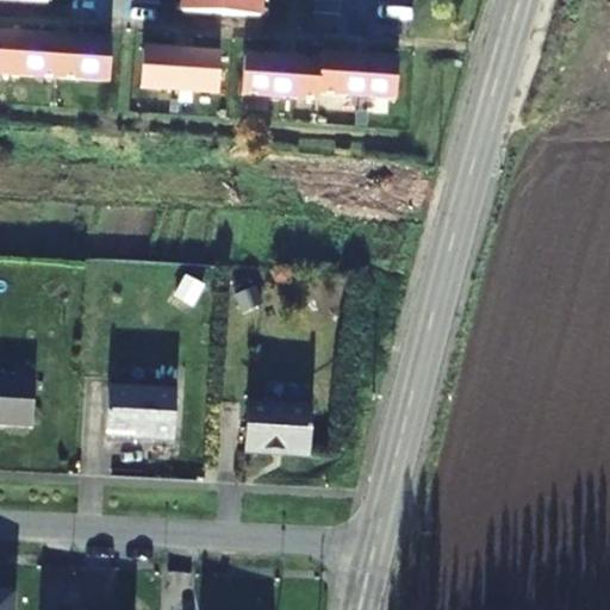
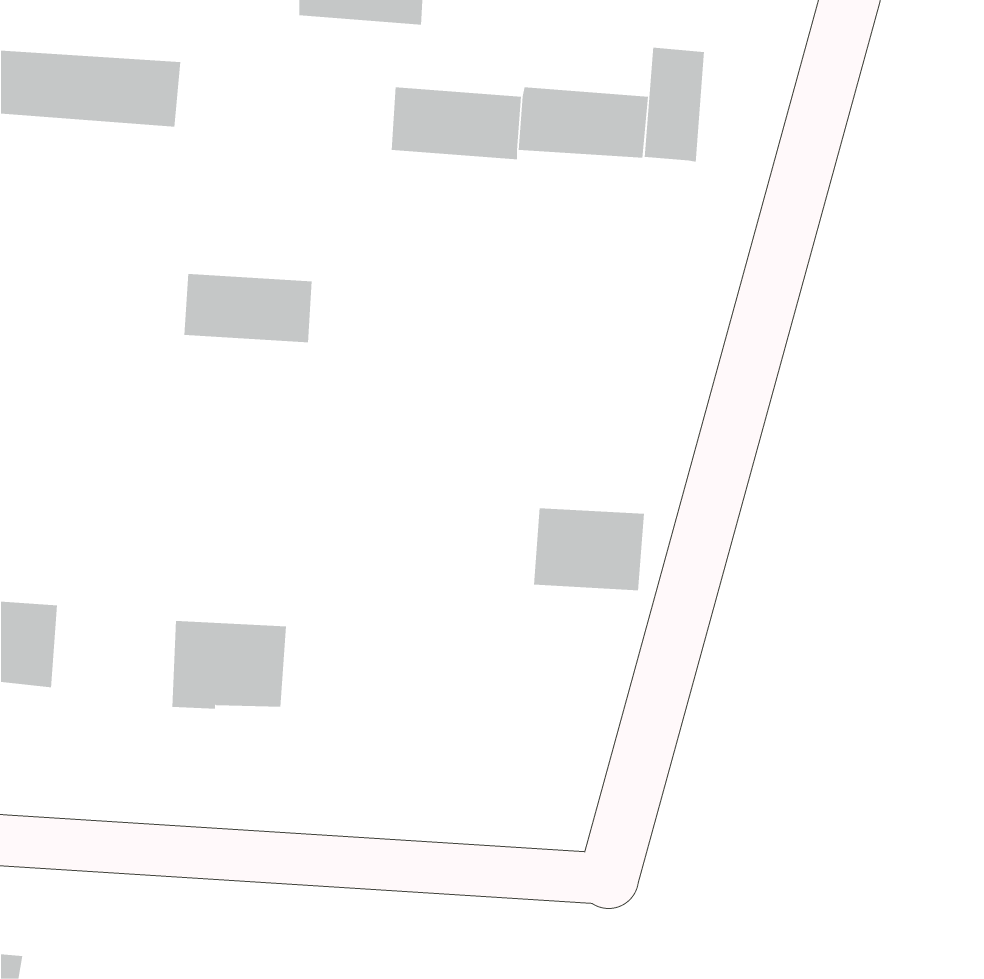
building: none -> [644,47,705,162]
building: [141,48,220,91] -> [184,274,313,343]
building: [244,400,313,452] -> [533,508,645,591]

